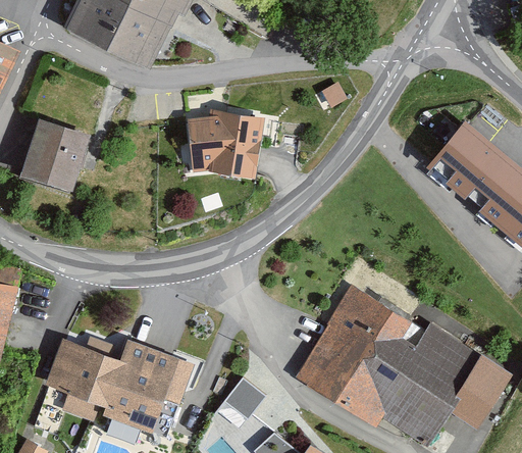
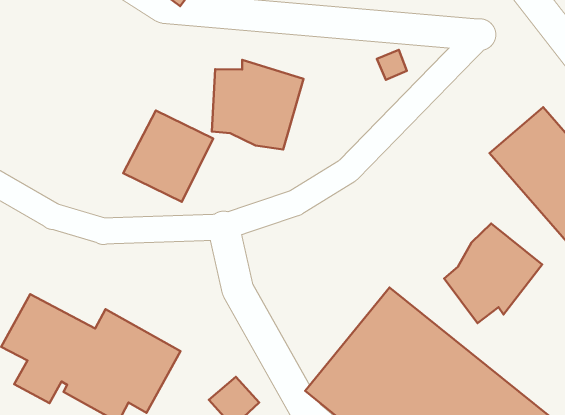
building: [17,124,88,197] -> [123,110,213,202]
building: none -> [444,223,542,323]

